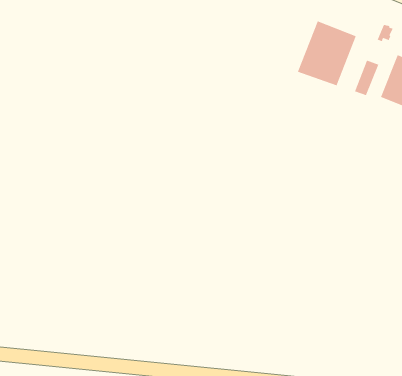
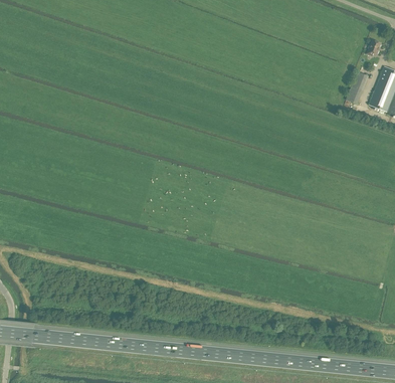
building: [297,21,357,86] -> none

